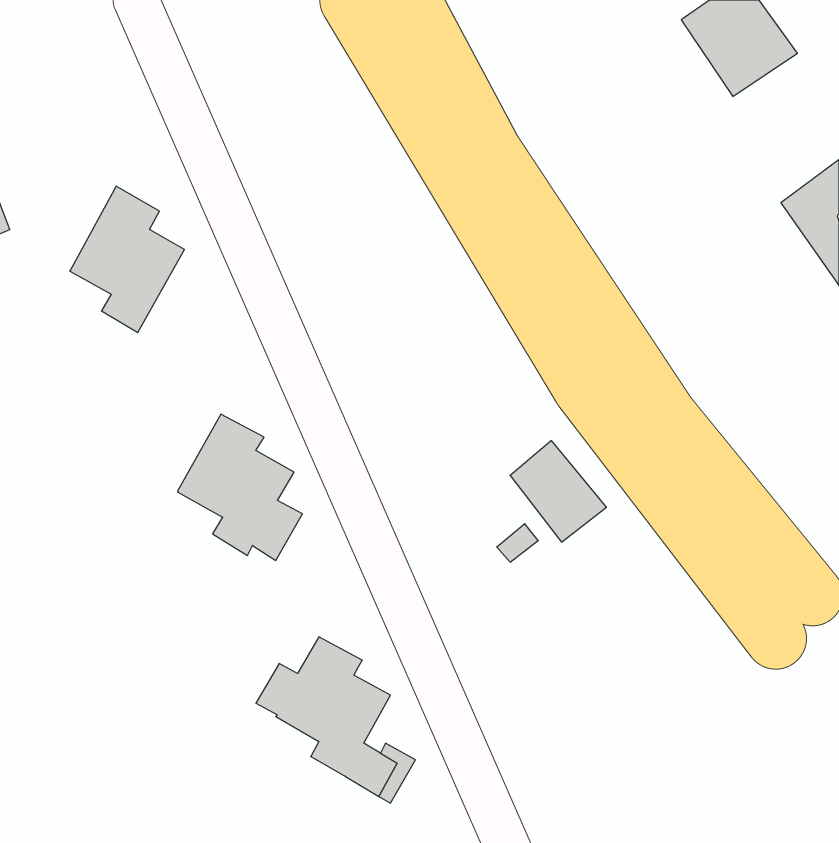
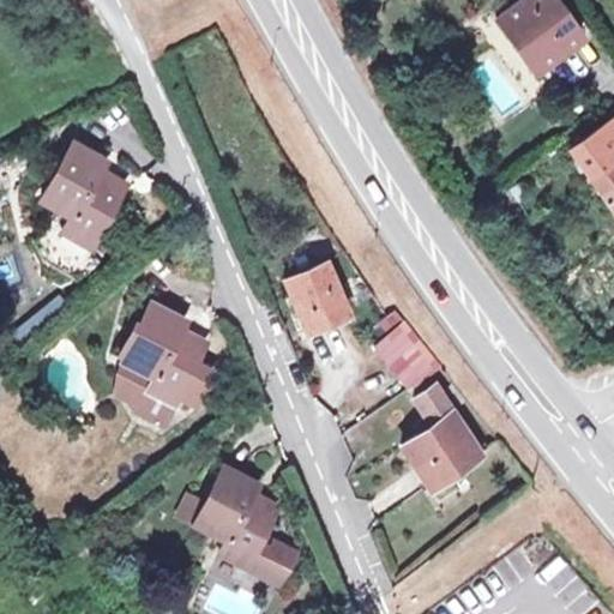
building: none -> [289,264,349,332]
building: none -> [121,360,179,429]
building: none -> [397,386,478,494]

